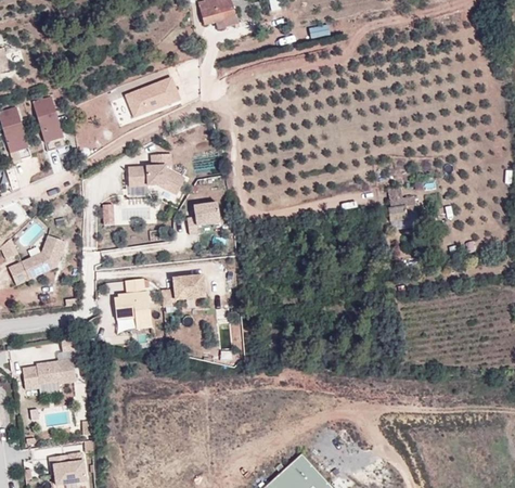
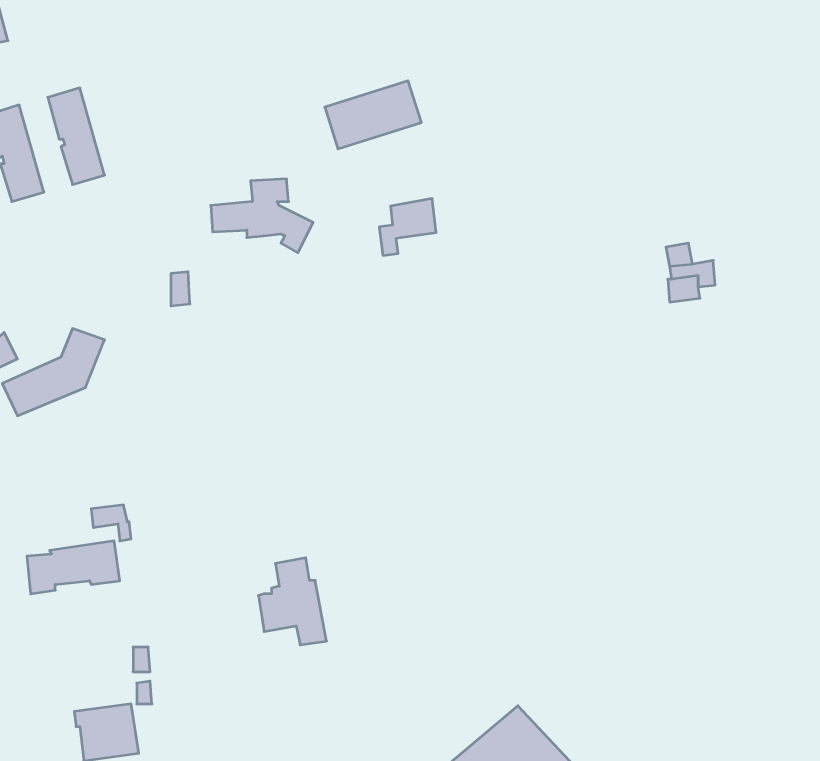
building: [127,76,182,115] -> [325,81,421,149]
building: [188,201,220,233] -> [379,199,436,255]
building: [163,271,206,306] -> none
building: [115,279,154,329] -> [258,558,327,645]

